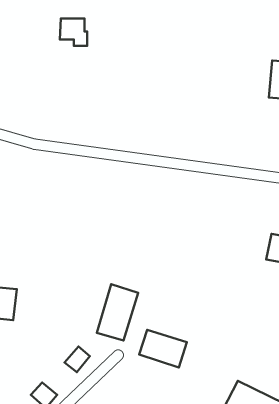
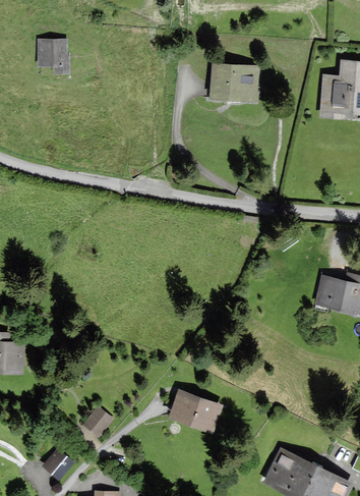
building: [60,18,87,46] -> [36,41,67,72]
building: none -> [208,64,256,100]
building: [97,284,138,341] -> none

